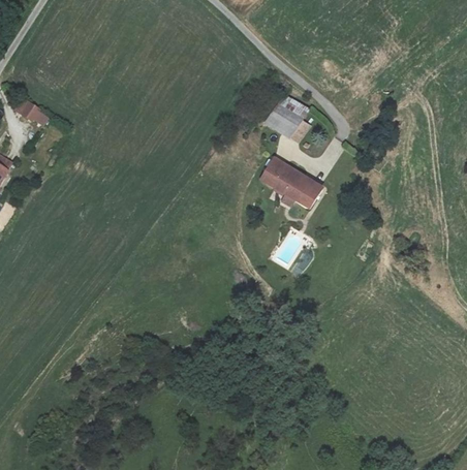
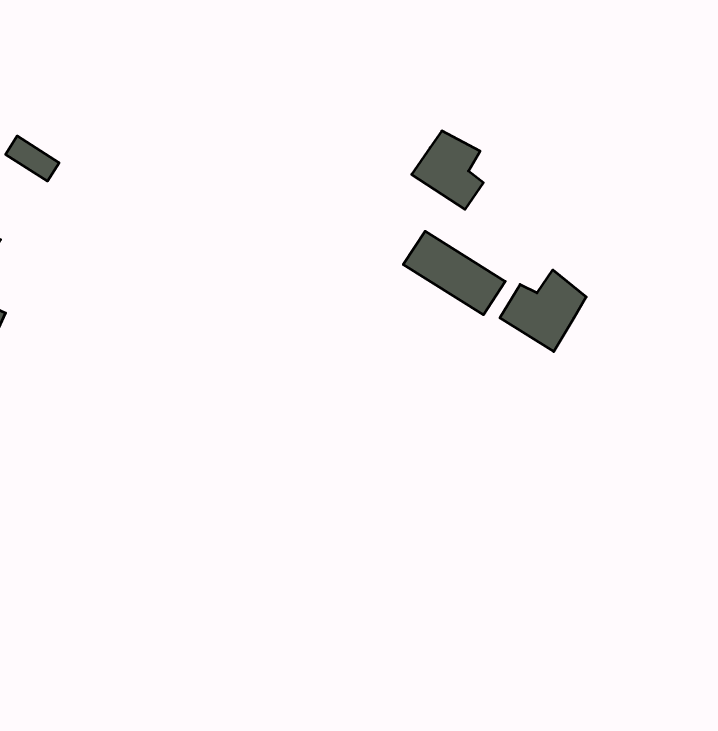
building: none -> [500,270,586,352]

